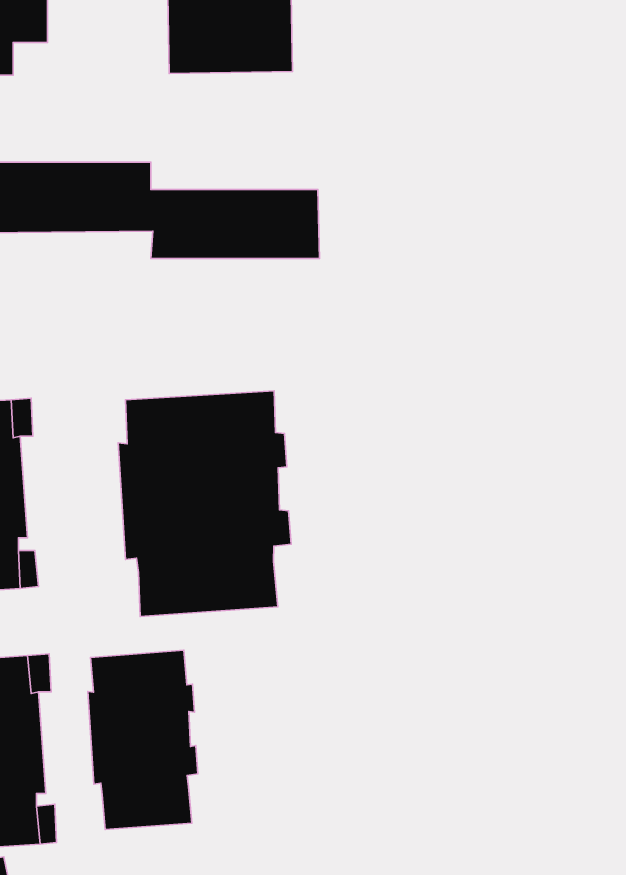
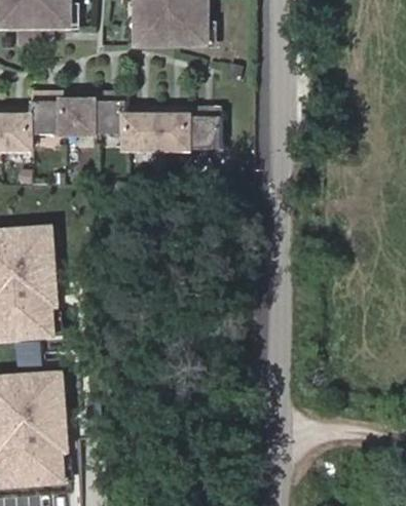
building: [118,391,291,617] -> none
building: [88,650,198,829] -> none

